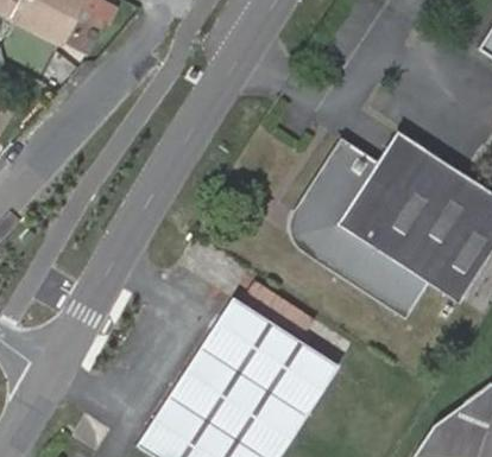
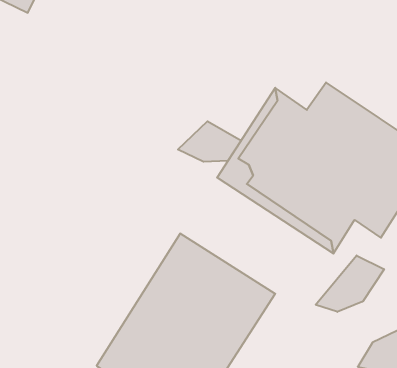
building: none -> [178,121,241,162]
building: none -> [316,255,384,312]

